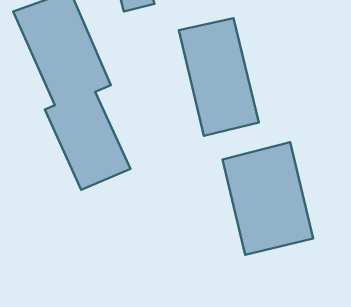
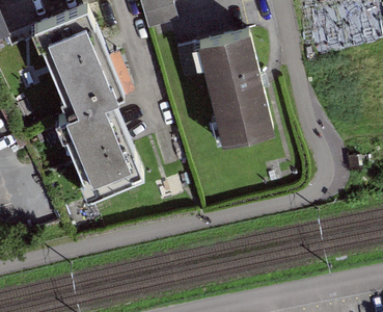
building: [223,142,313,255] -> none

